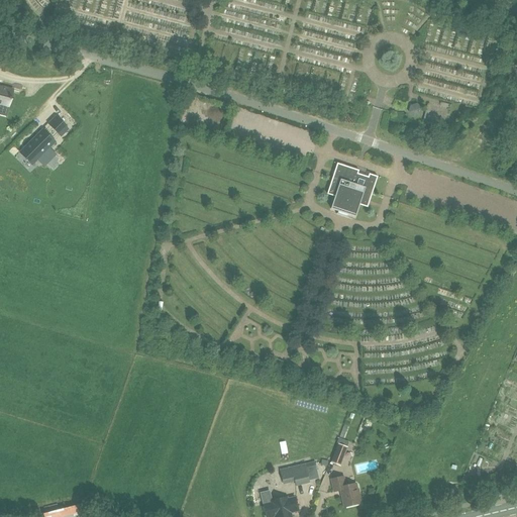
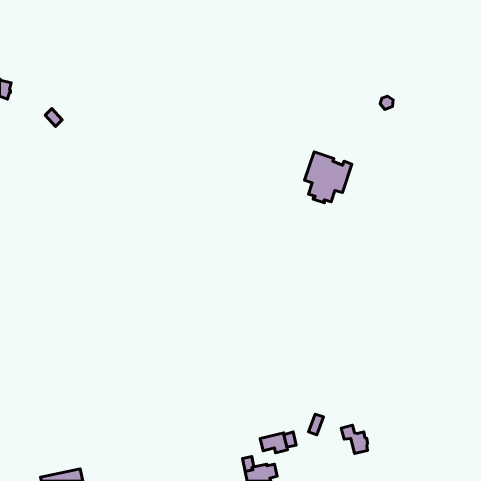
building: [23,129,54,160] -> none
building: [330,476,358,506] -> [341,425,368,453]

